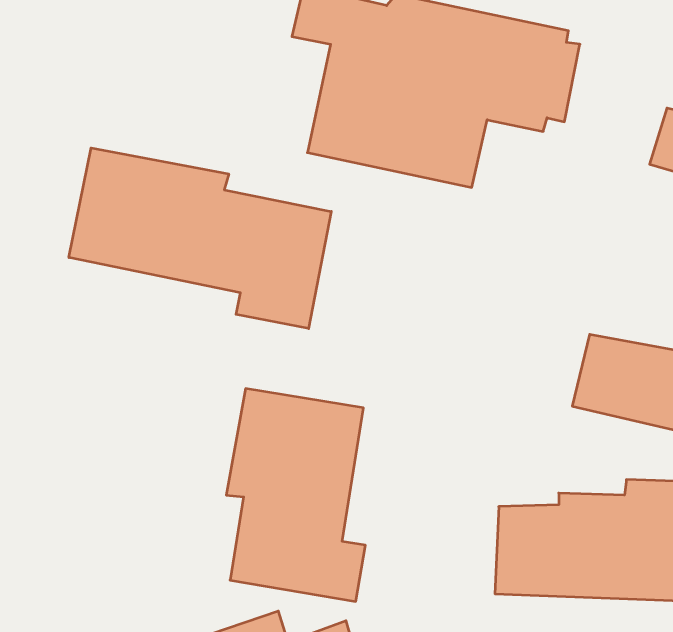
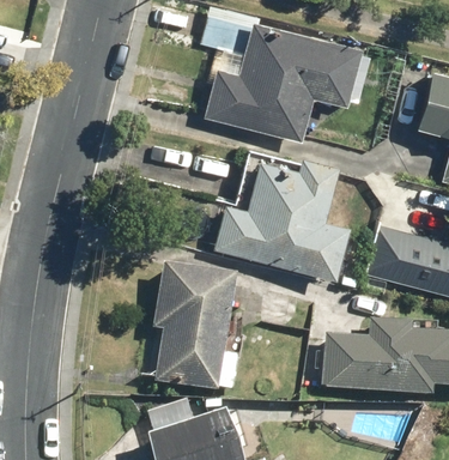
building: [69,148,331,329] -> none
building: none -> [214,150,350,277]

